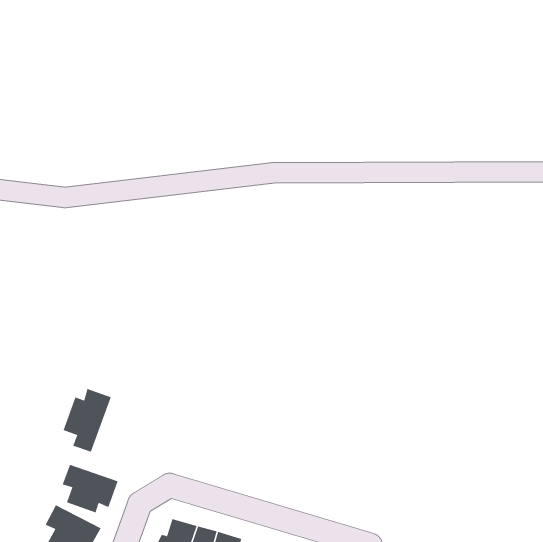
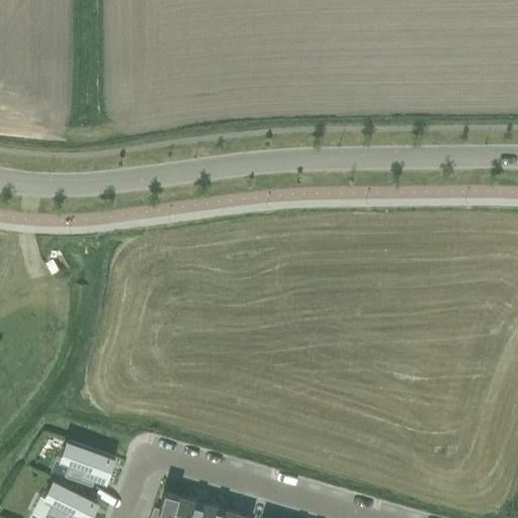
building: [63,388,112,453] -> none

